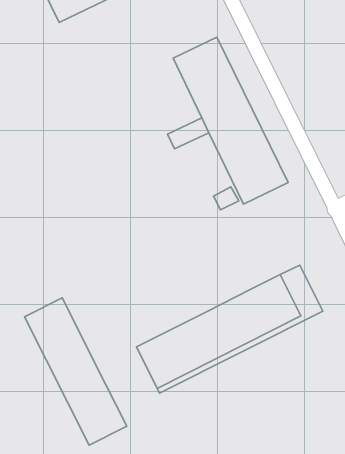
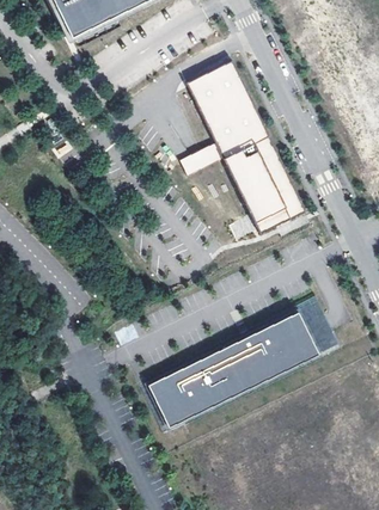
building: [24,298,127,445] -> none

